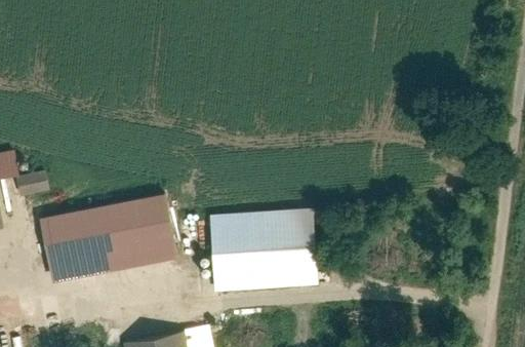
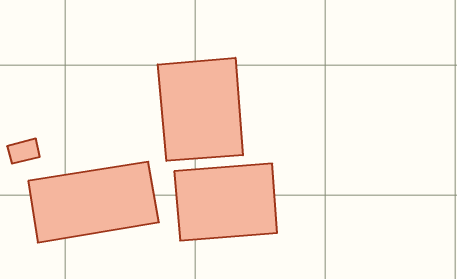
building: none -> [158,58,243,161]

